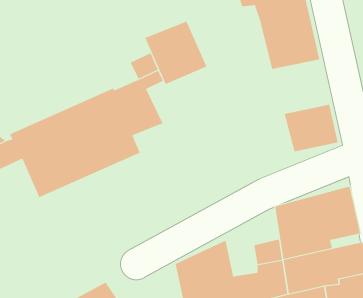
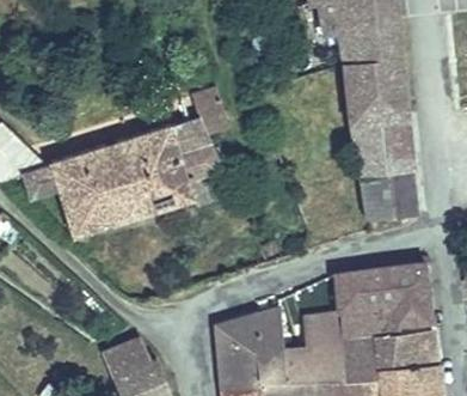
building: [144,21,207,85] -> none
building: none -> [351,116,412,172]

